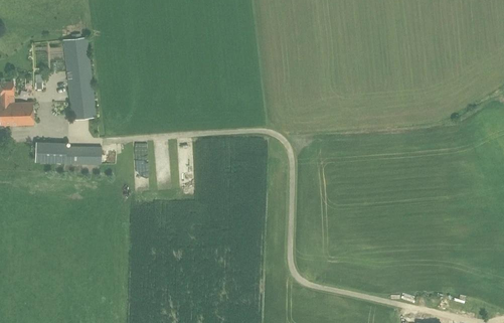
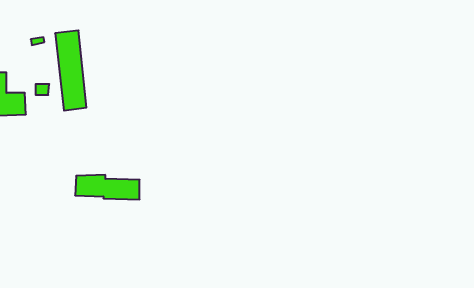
building: [35,141,102,166] -> [75,175,140,199]

